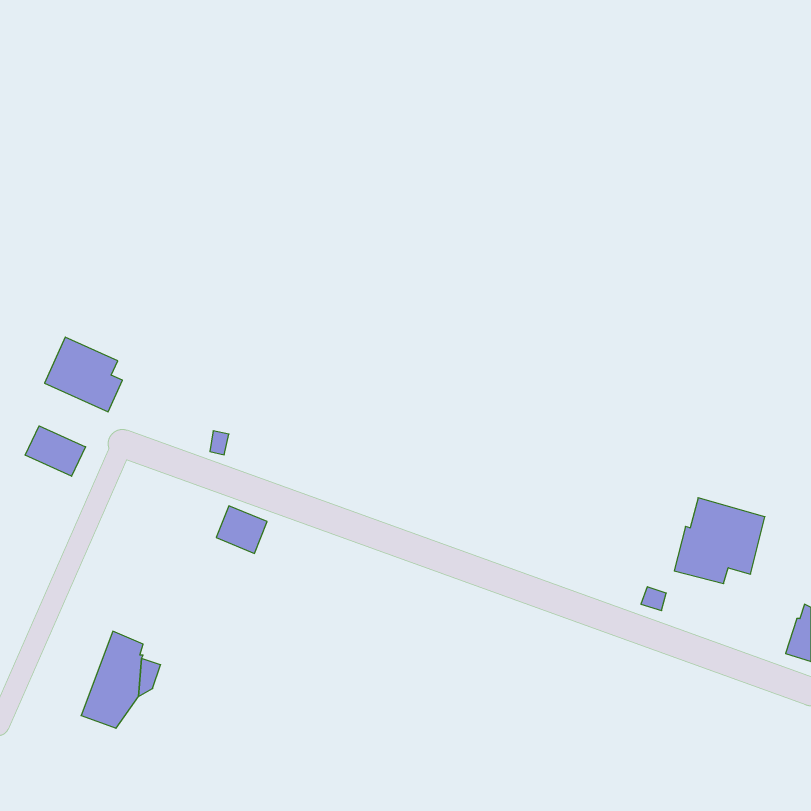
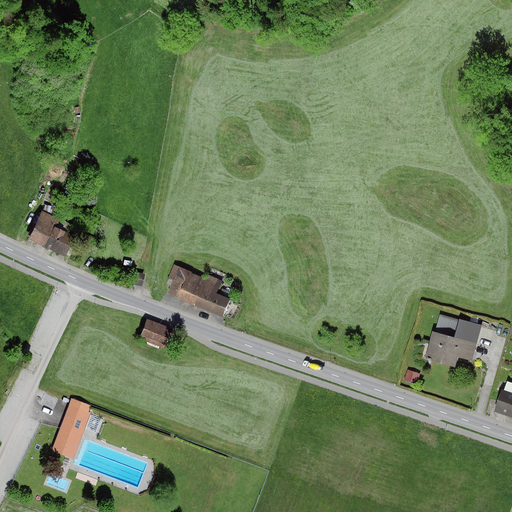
building: none -> [167,265,230,317]
building: [25,426,86,476] -> none

